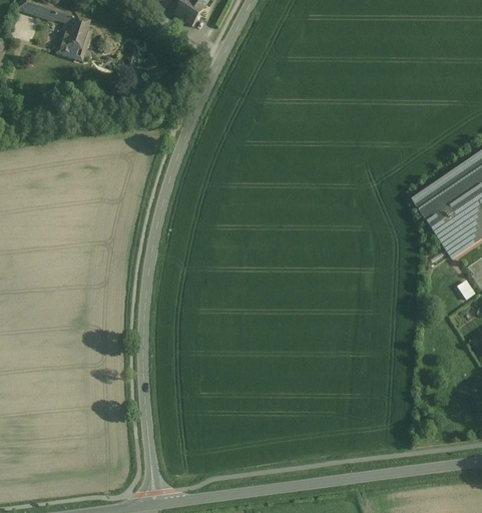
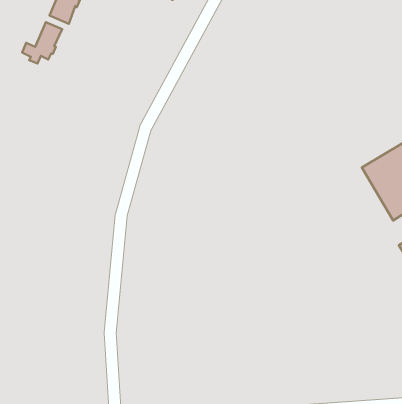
building: none -> [22,22,62,64]

